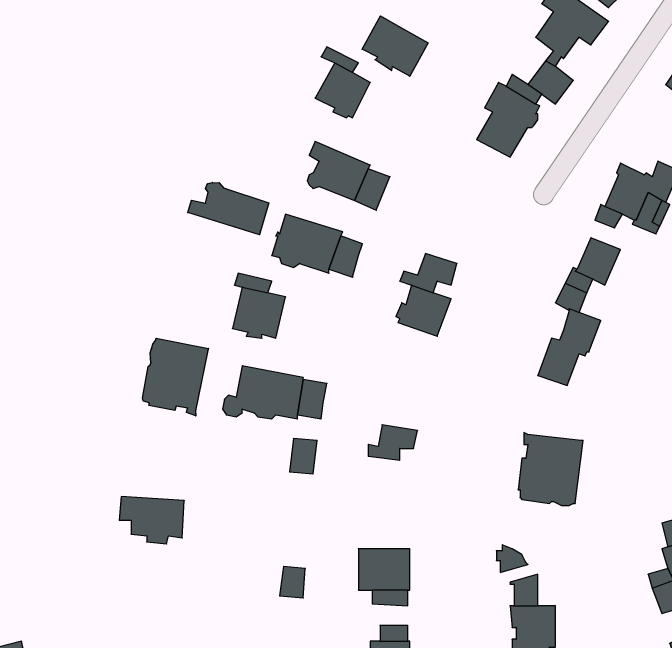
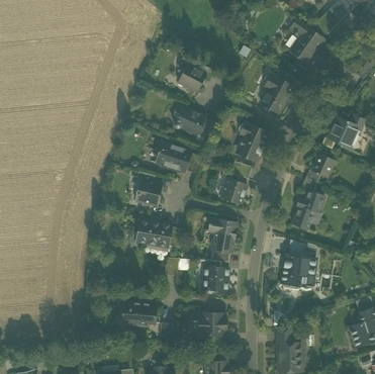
building: [362,16,428,76] -> none
building: none -> [237,124,268,162]
building: [188,182,269,235] -> none
building: [142,338,208,416] -> none
building: none -> [209,219,237,254]
building: none -> [287,238,315,259]
building: none -> [203,267,229,294]
building: [119,497,184,544] -> [123,302,157,326]

